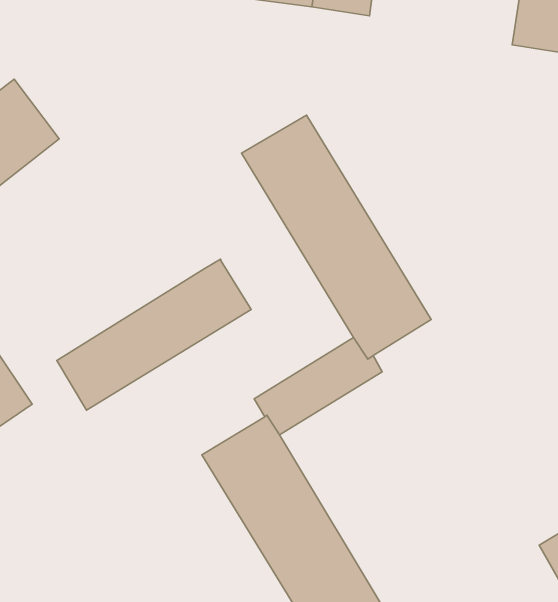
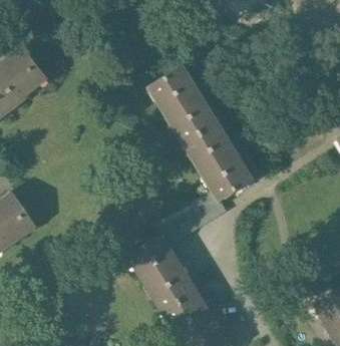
building: [57,259,251,410] -> none

